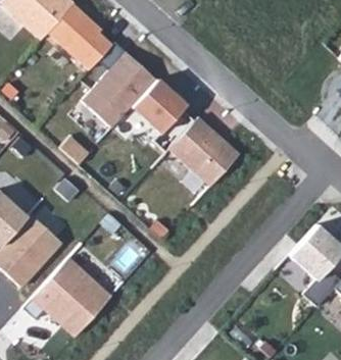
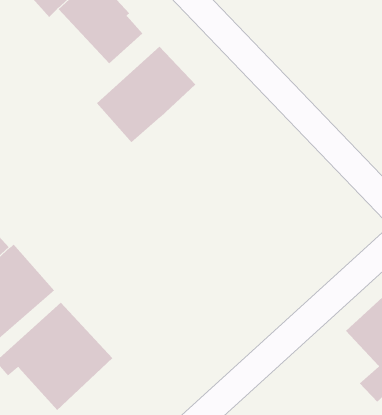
building: [133,81,186,134] -> none
building: [169,118,240,188] -> none

